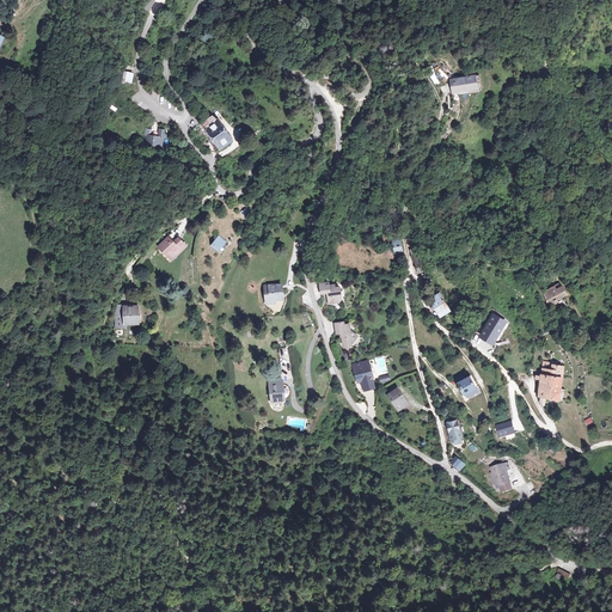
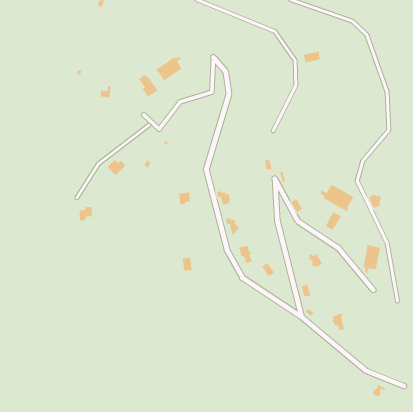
building: none -> [155,56,183,82]
building: none -> [320,184,355,212]

